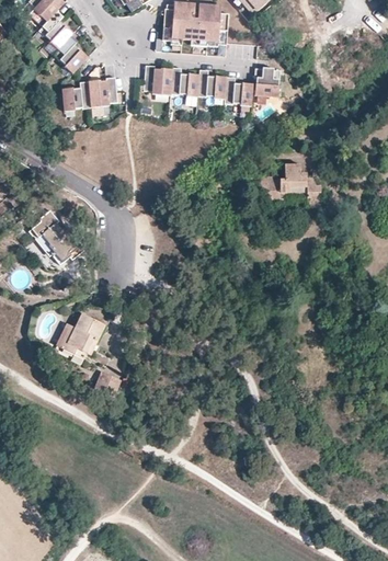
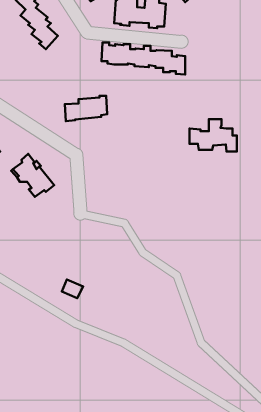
building: [253,68,281,98] -> none
building: [62,77,117,110] -> [65,96,107,121]
building: [56,312,105,359] -> none

